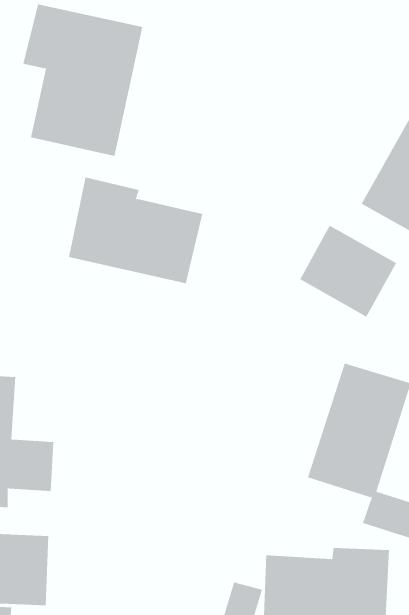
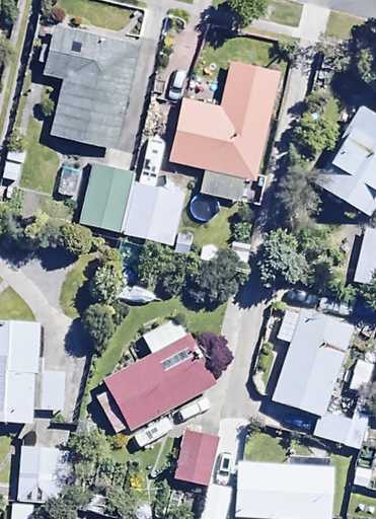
building: none -> [167,59,287,203]
building: [299,225,397,317] -> none
building: none -> [97,317,216,434]
building: none -> [174,429,219,487]

